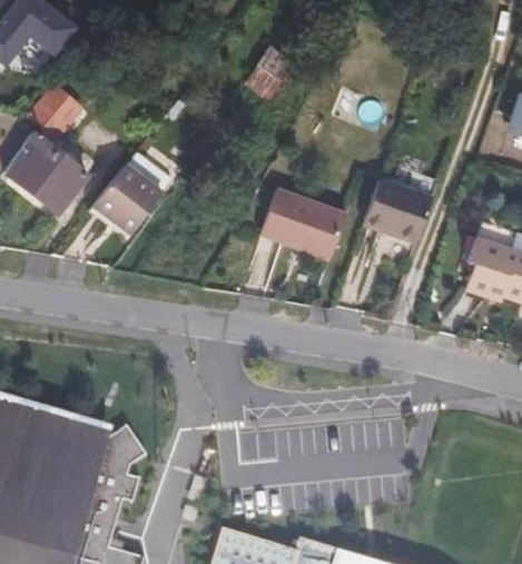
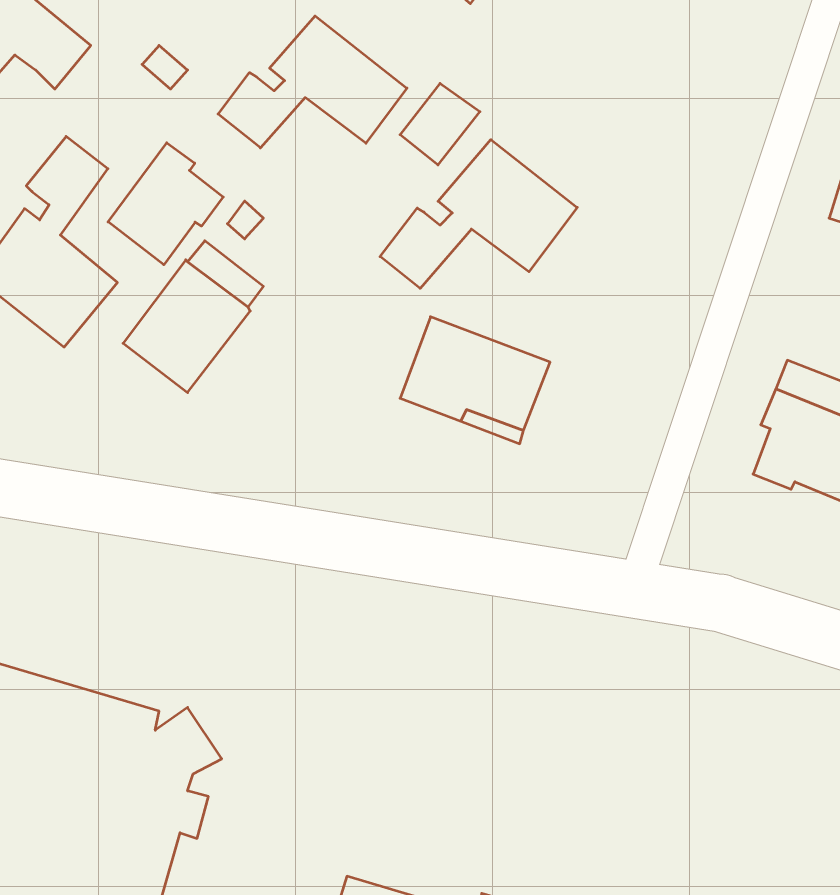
building: none -> [218,16,407,148]
building: none -> [380,140,577,288]
building: none -> [108,143,223,265]
building: [356,187,425,251] -> none

